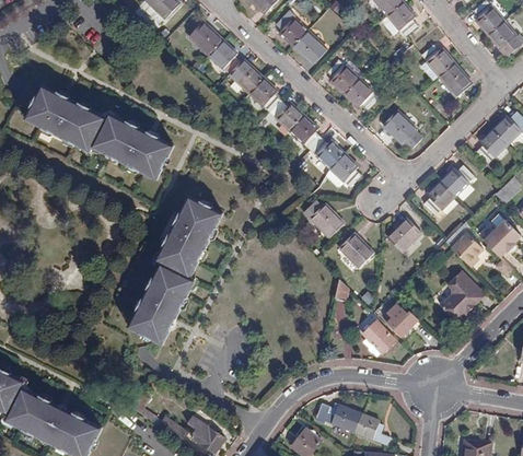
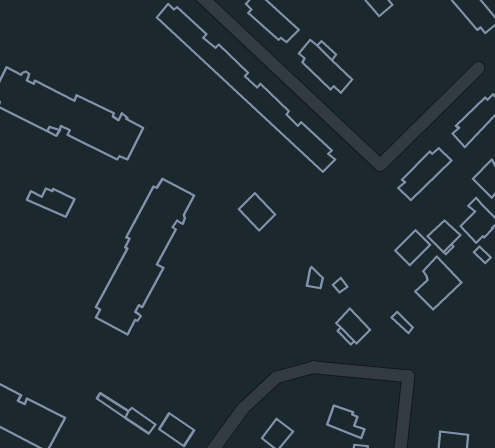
building: [419,44,468,96] -> none
building: [381,109,417,144] -> none
building: [309,202,344,238] -> [239,193,275,230]
building: none -> [27,188,75,217]
building: [386,218,420,252] -> [395,230,430,265]
building: [338,233,375,268] -> none
building: [384,303,418,337] -> none
building: [315,402,360,432] -> none

